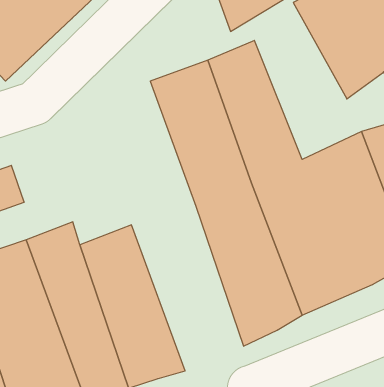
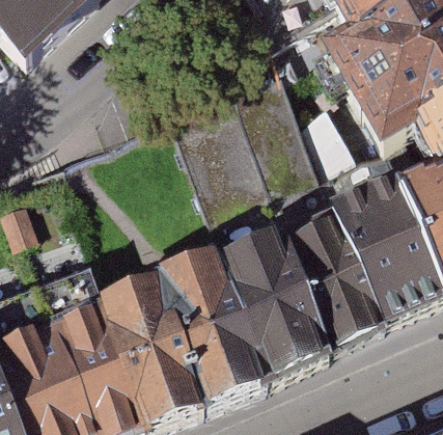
building: none -> [153,241,270,413]

